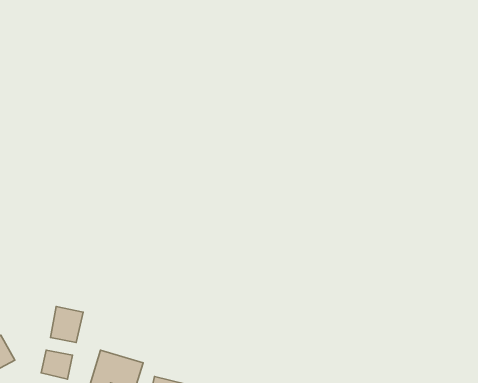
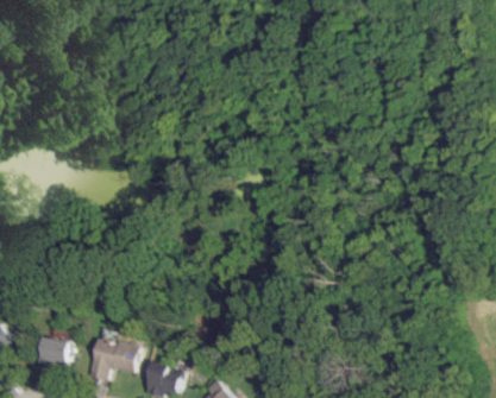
building: [50,307,83,343] -> none

